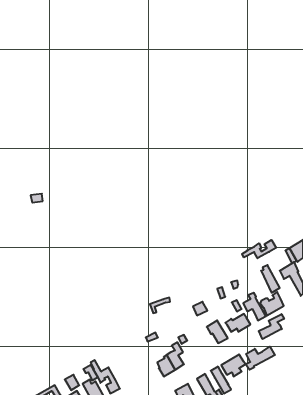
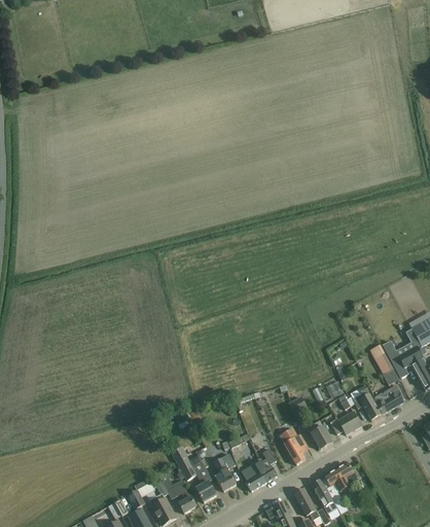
building: [242,240,276,258] -> none
building: [259,314,284,339] -> none
building: none -> [280,427,309,464]
building: none -> [172,447,217,502]
building: none -> [214,453,237,491]
building: [246,347,275,370] -> none

